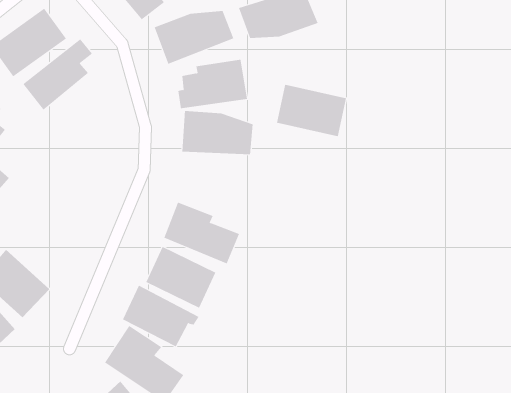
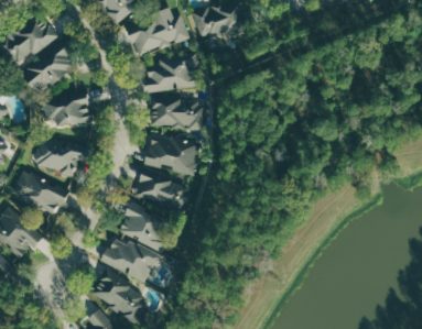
building: [276,84,347,137] -> [143,133,199,175]
building: none -> [39,91,93,129]
building: none -> [32,135,94,175]
building: none -> [11,171,69,216]

